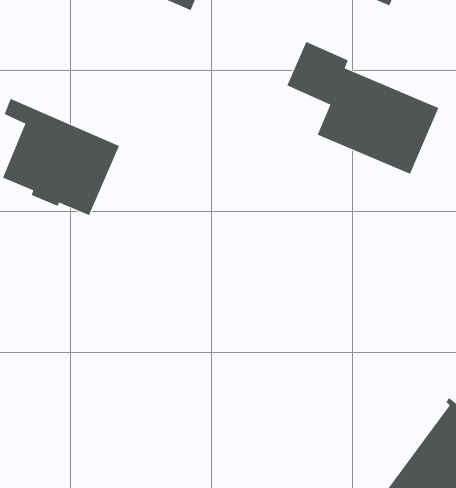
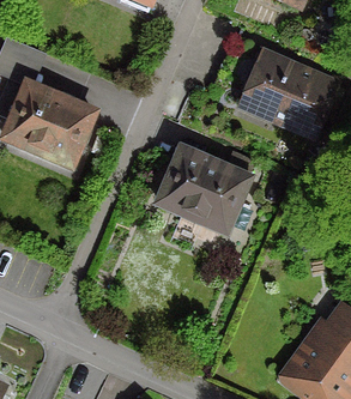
building: none -> [158,149,254,229]

